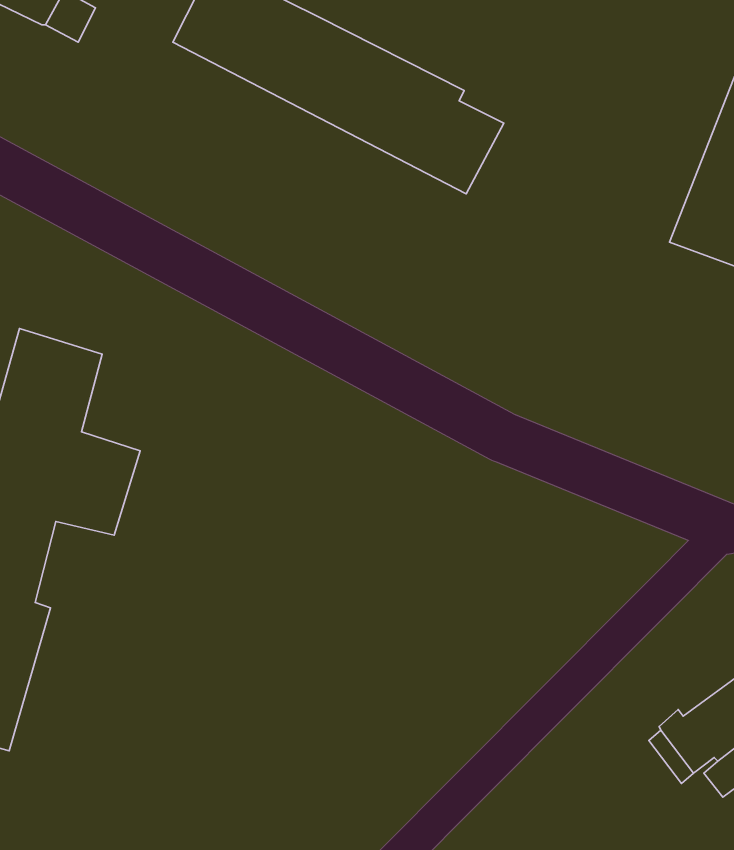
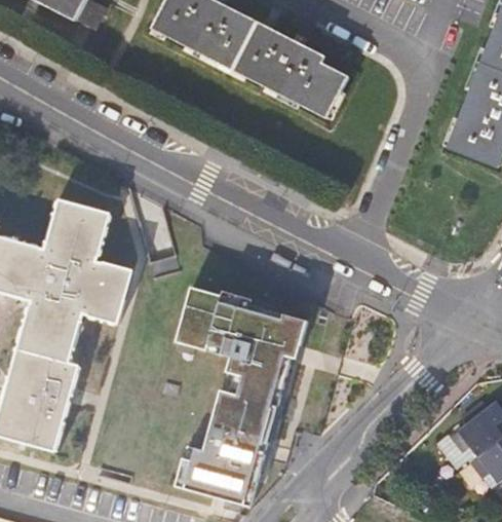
building: none -> [180,289,311,498]

